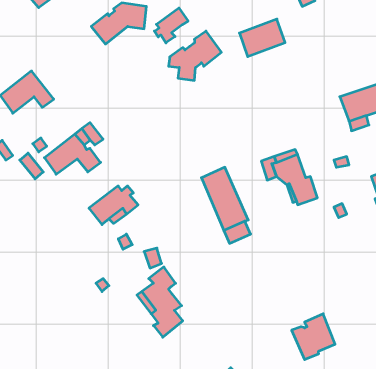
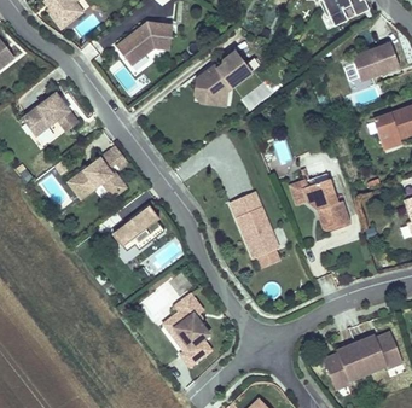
building: [154,8,188,43] -> none
building: [239,19,285,57] -> [352,41,399,80]
building: none -> [355,331,401,373]

